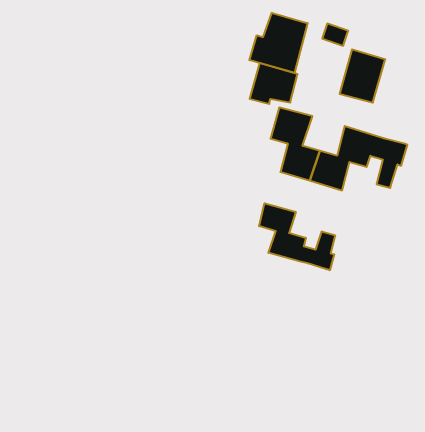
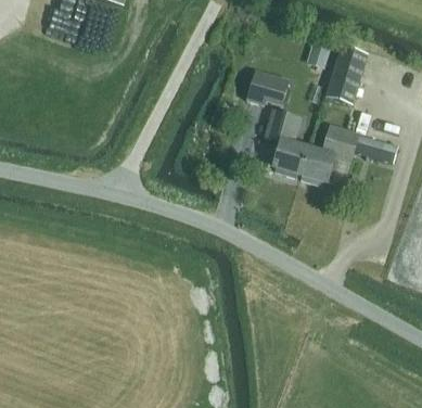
building: [249,13,308,73] -> none
building: [259,203,335,270] -> none

